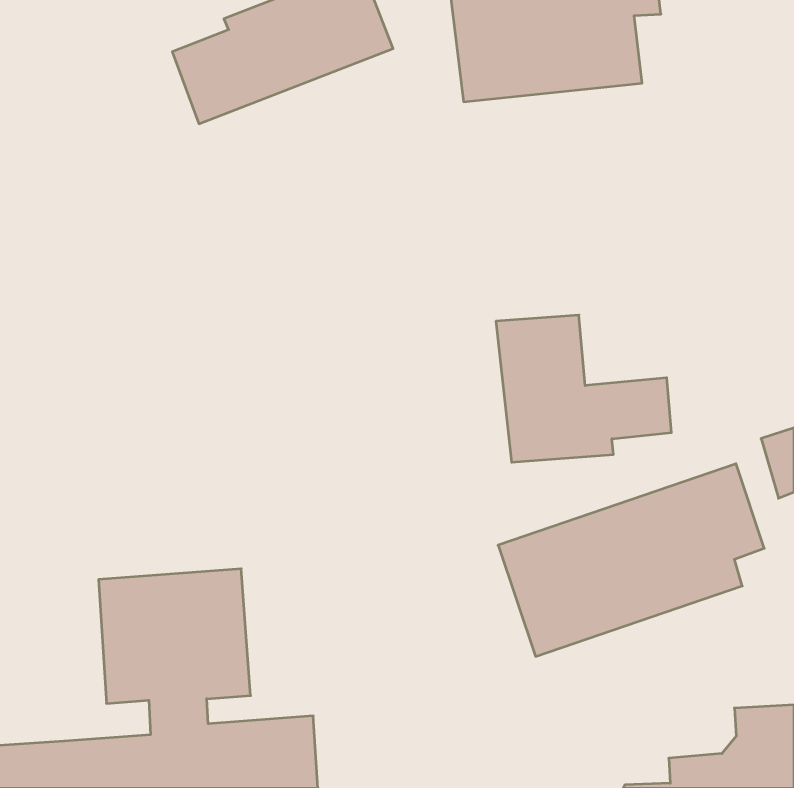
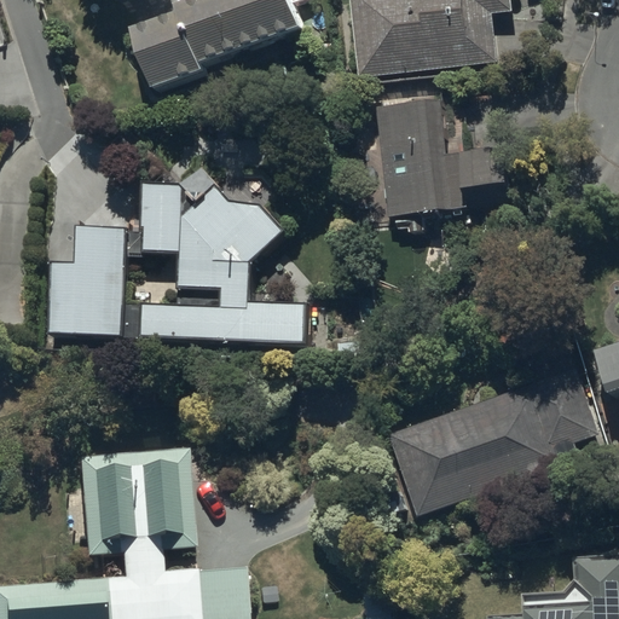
building: none -> [143,166,306,343]
building: none -> [50,228,127,340]
building: [496,315,671,462] -> [376,104,511,218]

